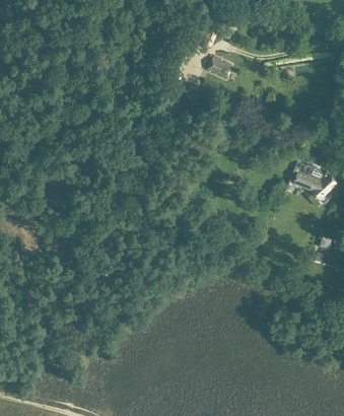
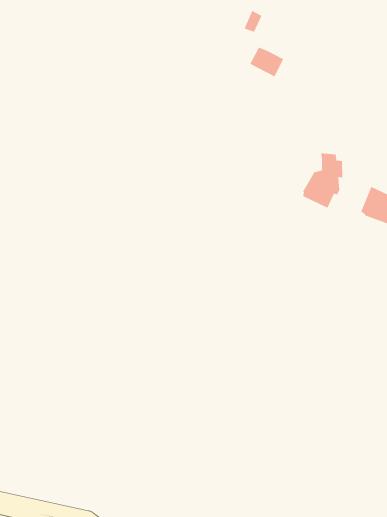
building: none -> [302,152,343,209]

